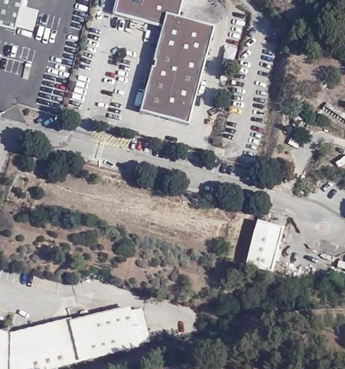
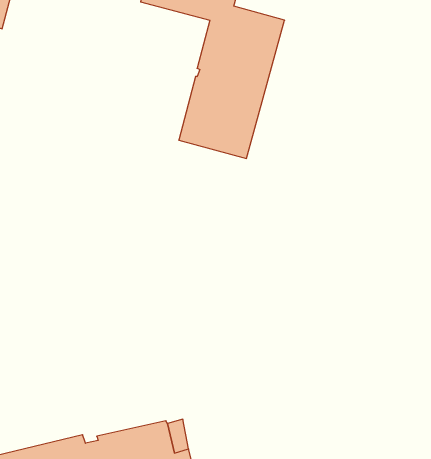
building: [243,218,282,270] -> none

